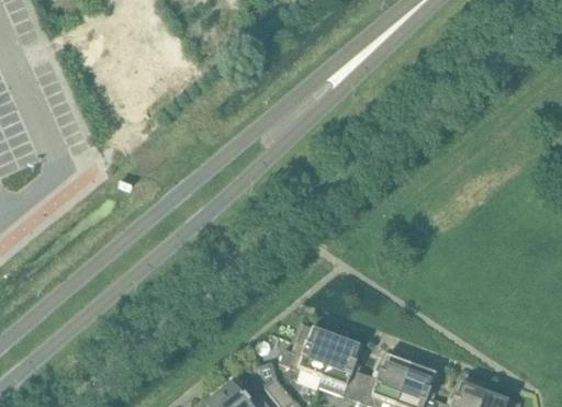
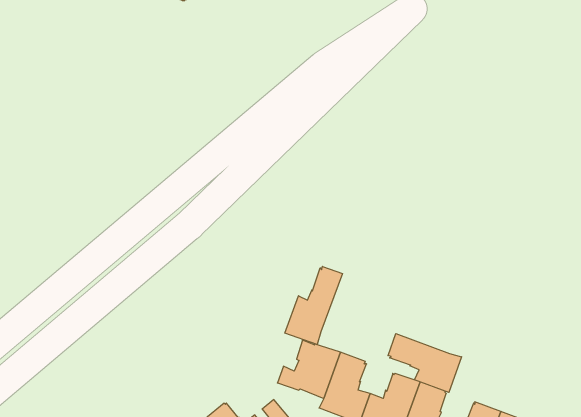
building: none -> [285,266,343,345]
building: none -> [388,334,462,392]

